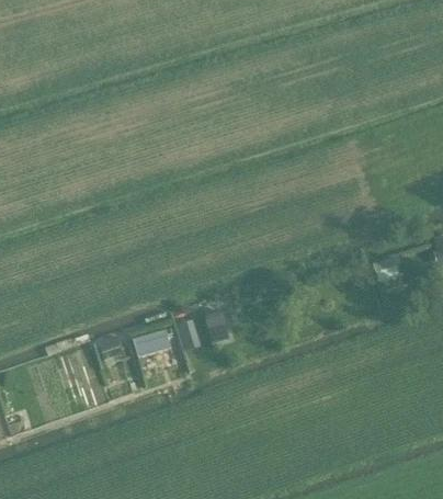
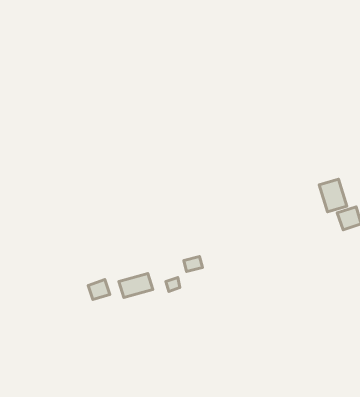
building: none -> [319,179,347,212]

